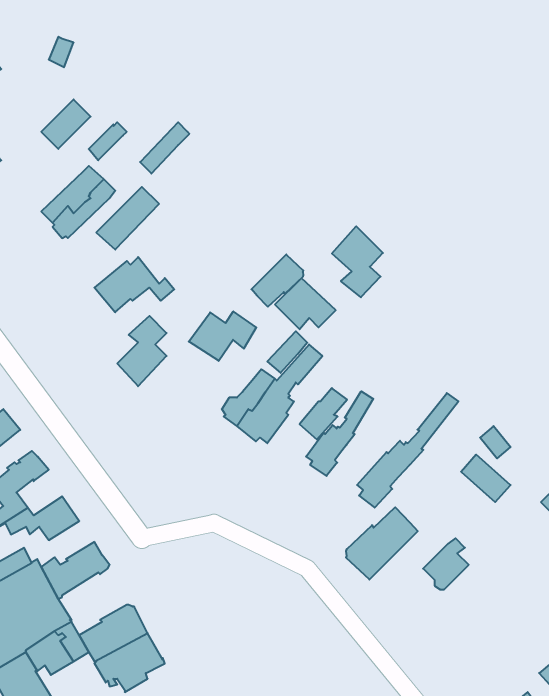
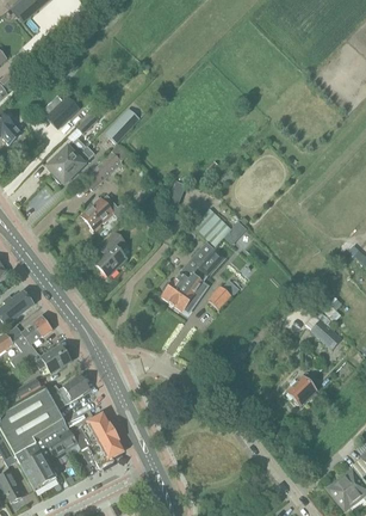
building: [332,226,383,297] -> none
building: [251,254,303,307] -> none
building: [189,311,256,361] -> none
building: [306,391,373,476] -> none
building: [357,393,458,508] -> none
building: [346,507,418,580] -> none

